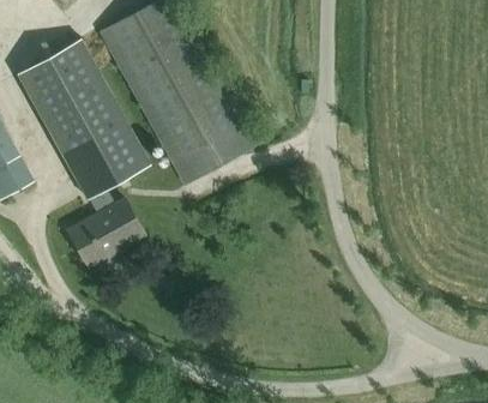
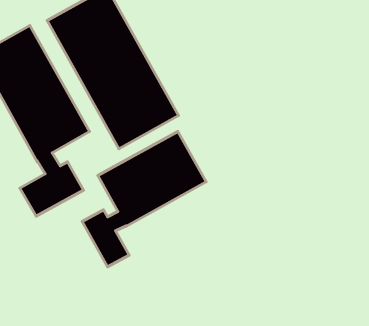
building: none -> [82,131,206,267]

